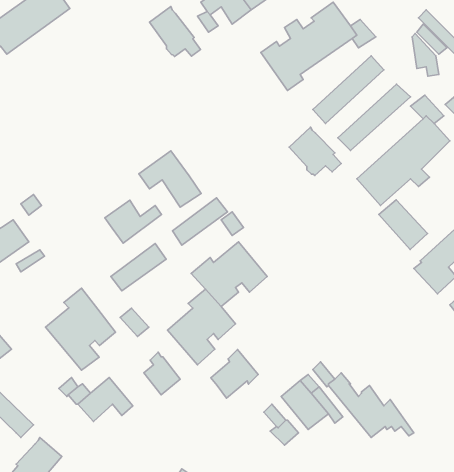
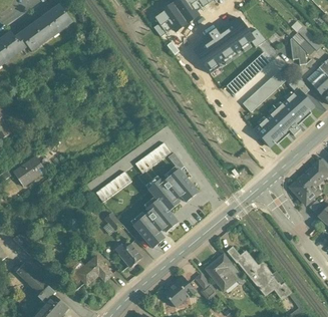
building: [149,6,201,57] -> none
building: [289,127,341,176] -> none
building: [139,151,201,207] -> none
building: [379,200,428,250] -> none
building: [105,200,162,243] -> none
building: [46,288,116,370] -> none
building: [211,349,258,398] -> [165,275,195,306]

